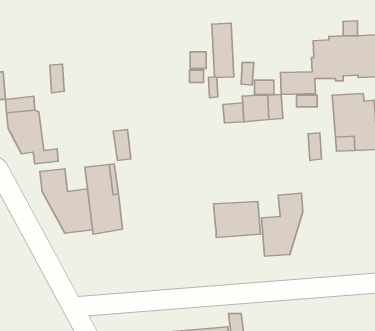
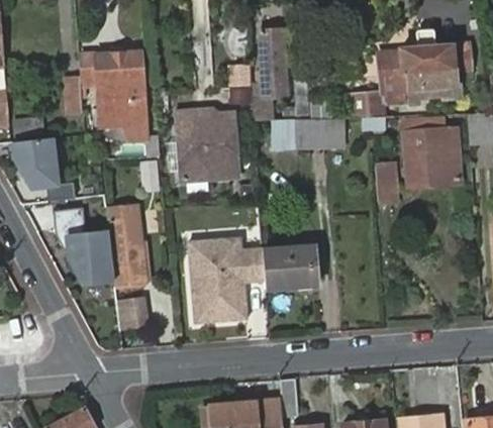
building: none -> [79,51,147,129]
building: none -> [178,111,238,182]
building: [261,193,303,256] -> none
building: none -> [187,237,265,323]
building: none -> [118,297,153,330]

